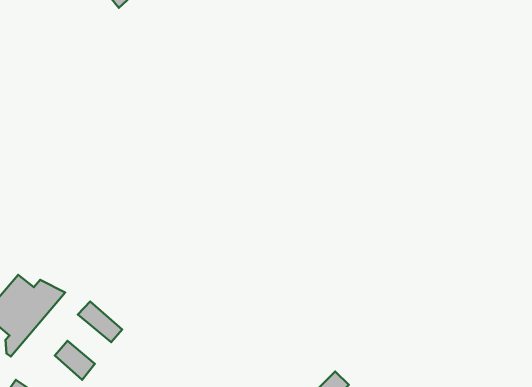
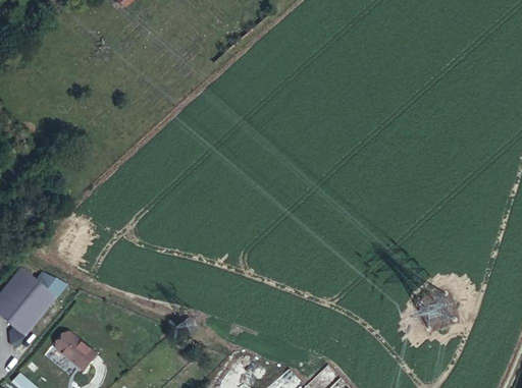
building: [78,301,122,342] -> none

